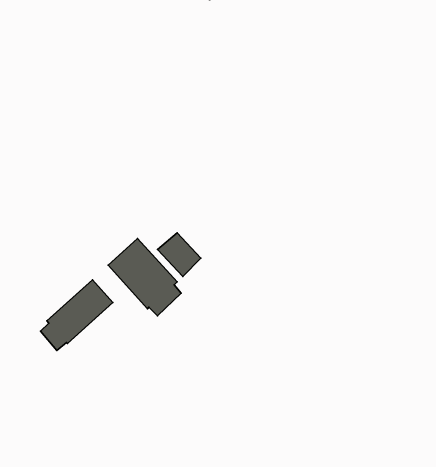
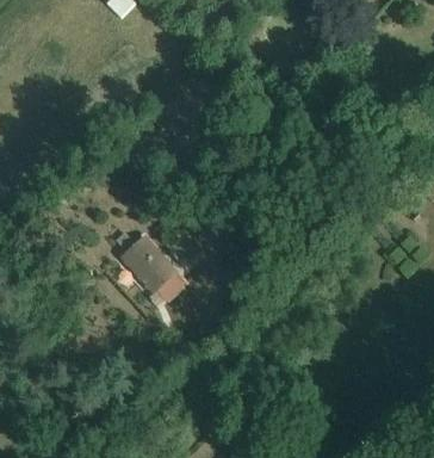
building: [41,280,113,350] -> none

